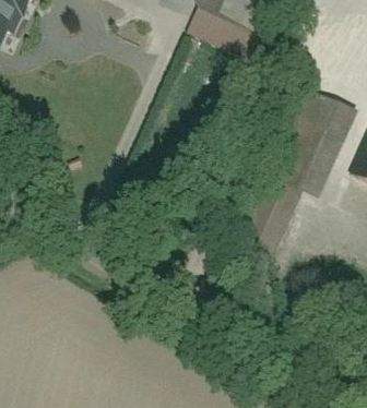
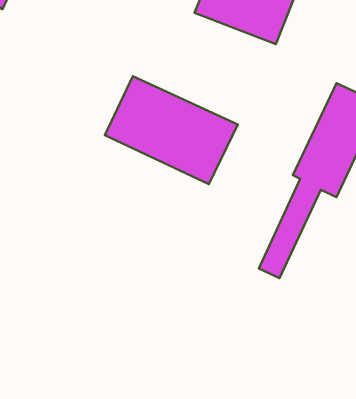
building: none -> [105,76,238,184]

